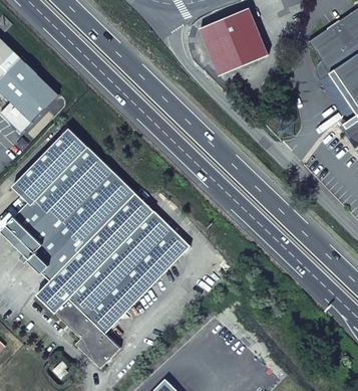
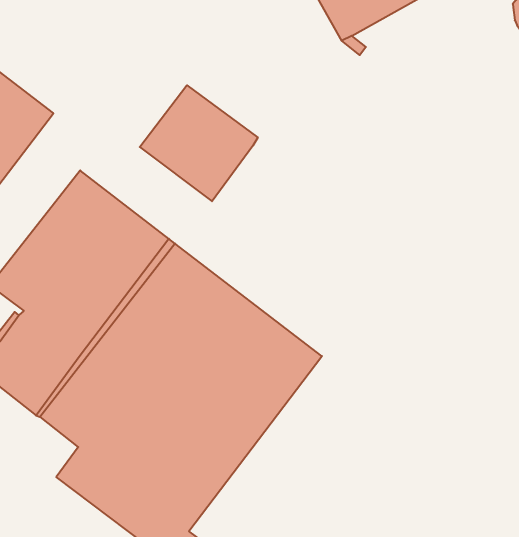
building: none -> [140,85,258,201]

